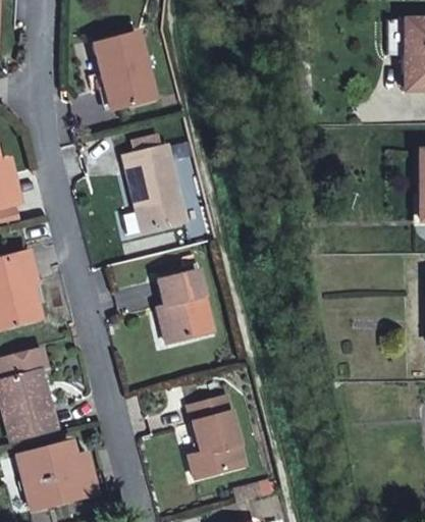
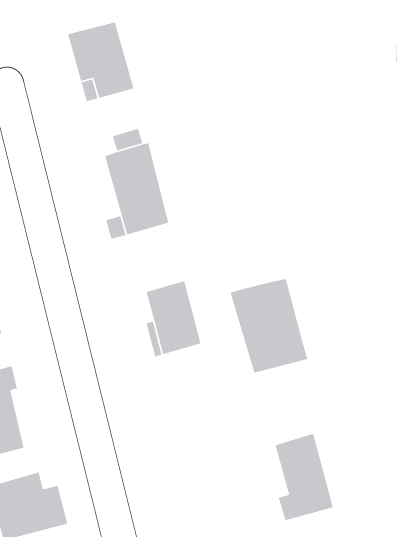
building: none -> [229,278,308,373]
building: [190,395,244,475] -> [275,433,334,521]

